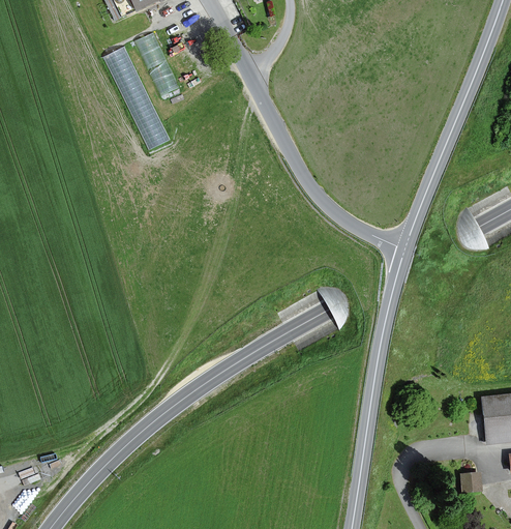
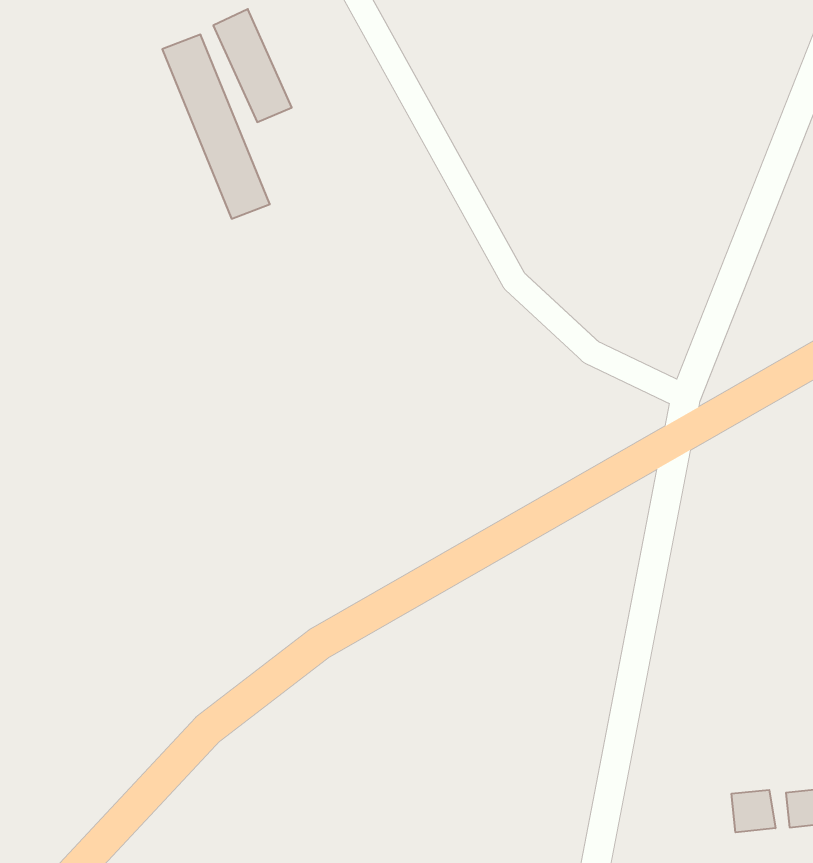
building: none -> [732,790,775,832]

